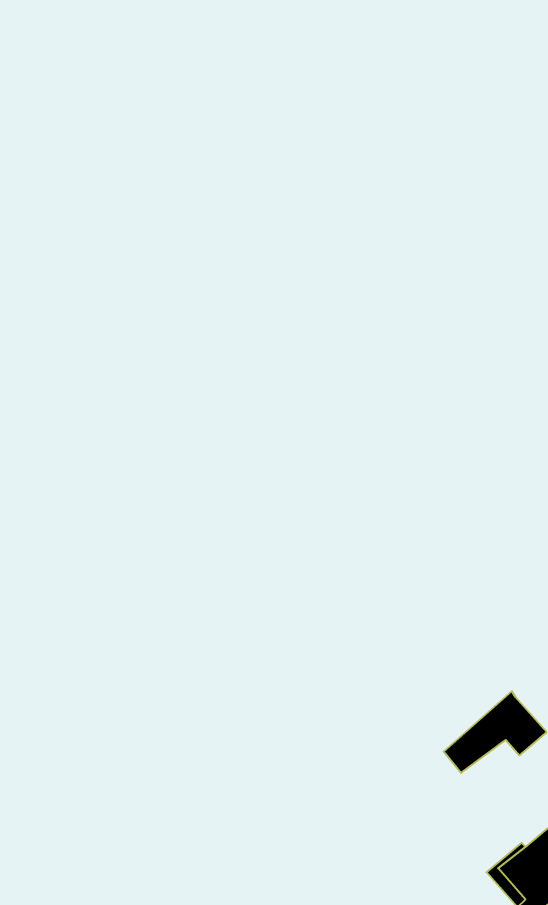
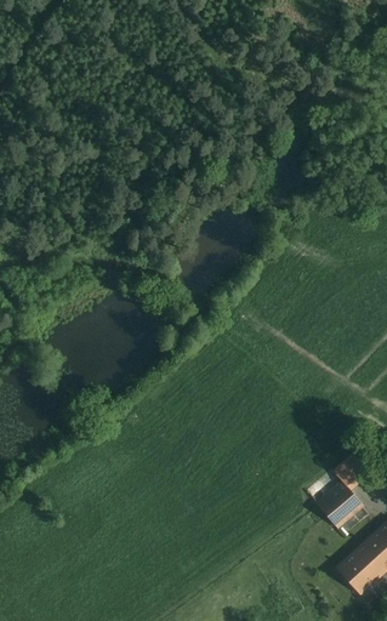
building: none -> [317,485,364,529]

